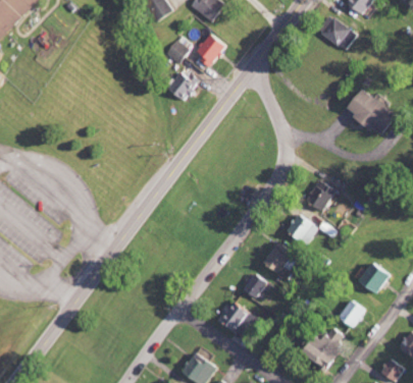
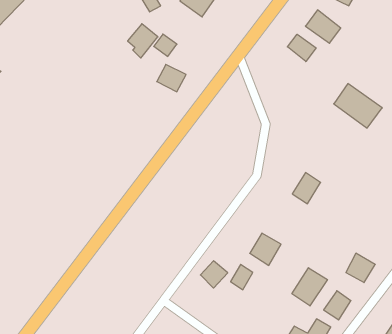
building: [196,33,226,67] -> [128,24,158,58]
building: none -> [287,34,316,62]
building: [285,214,316,244] -> none
building: none -> [292,268,327,306]
building: [221,302,249,329] -> [200,261,228,288]

